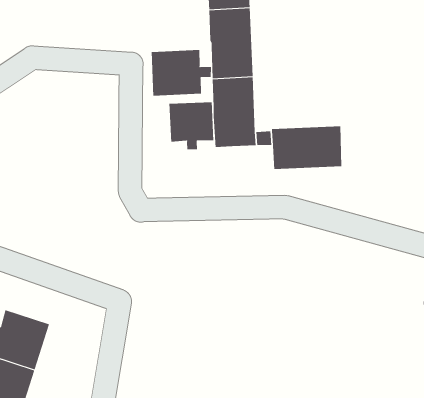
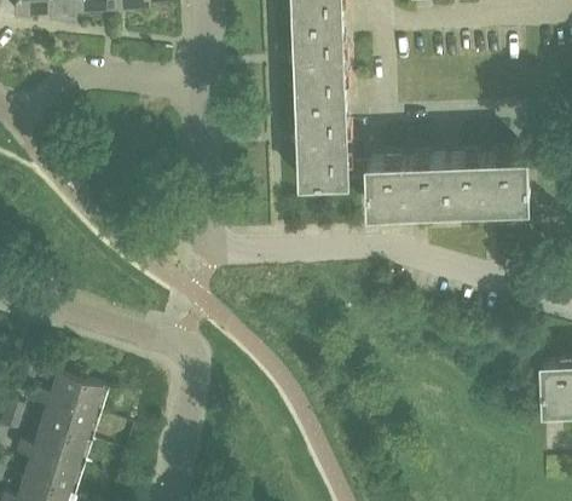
building: [151,49,211,96] -> none
building: [169,102,214,150] -> none
building: none -> [445,163,527,213]

